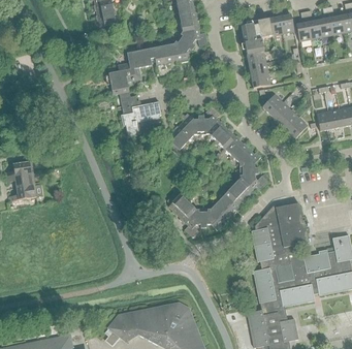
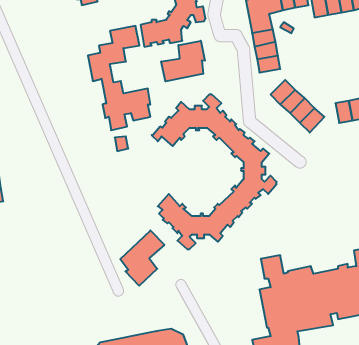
building: none -> [161,41,205,81]
building: [251,202,309,257] -> none
building: none -> [120,230,164,286]

